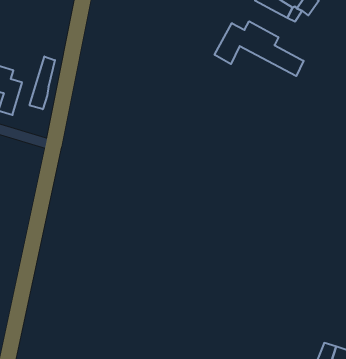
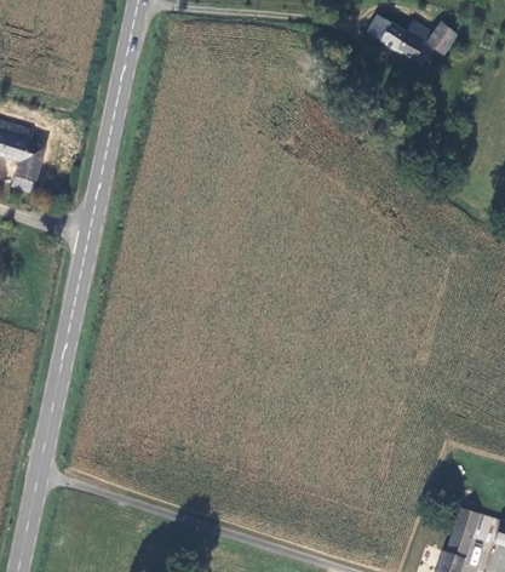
building: [215,21,304,76] -> none
building: [30,56,55,109] -> none

